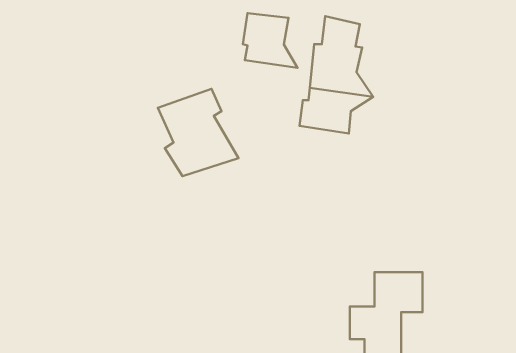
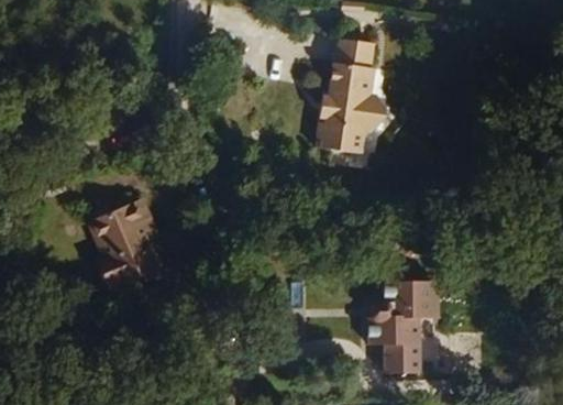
building: [243,13,297,68] -> none
building: [158,89,238,176] -> [89,200,168,286]

